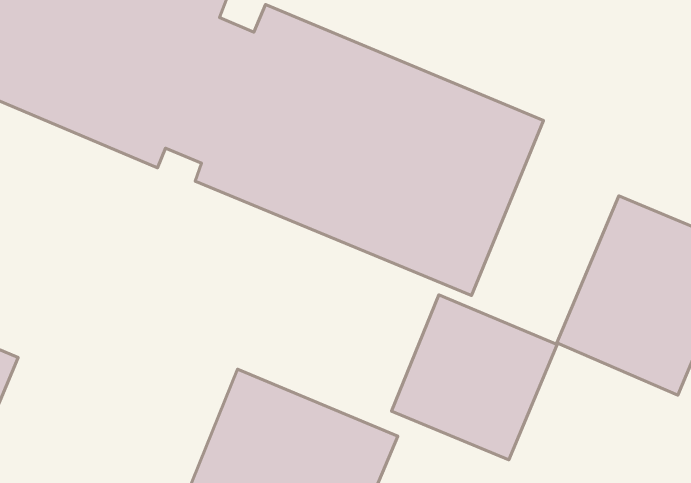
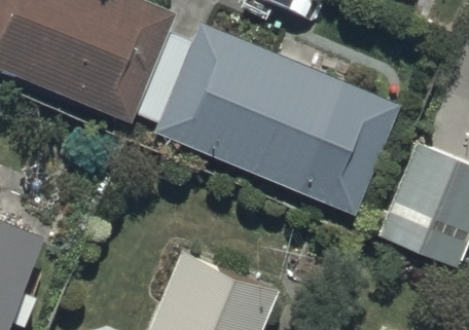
building: [391,295,557,460] -> none

